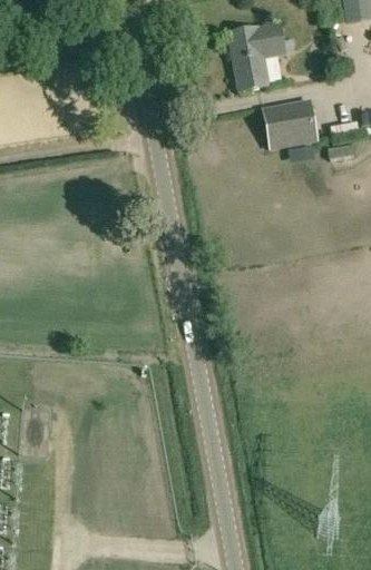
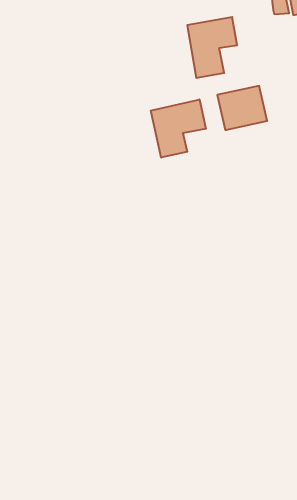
building: none -> [151,99,206,158]

